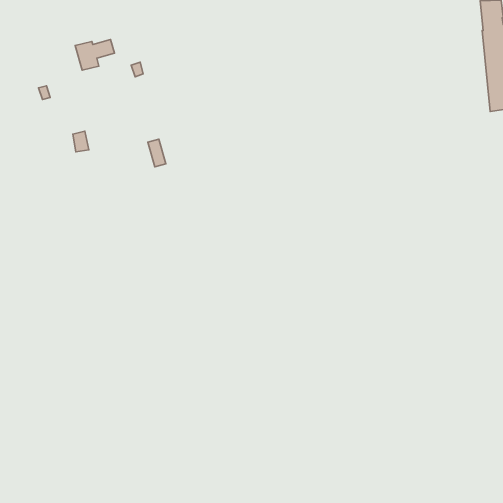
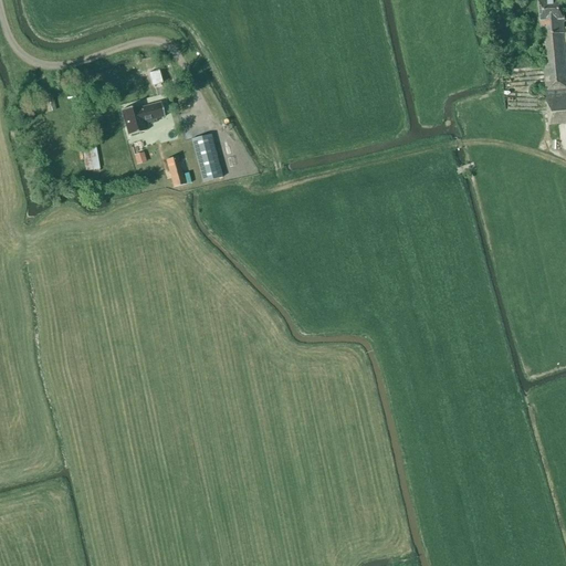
building: [75,39,115,70] -> [122,101,166,135]
building: none -> [193,134,223,181]

